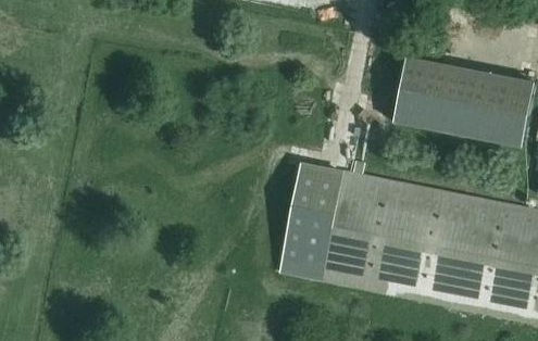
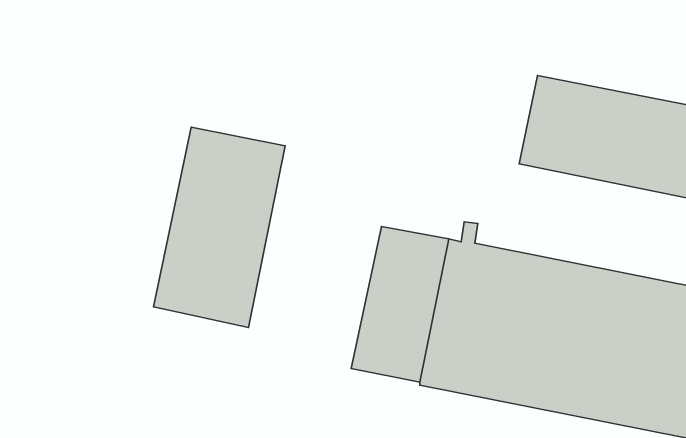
building: none -> [153,127,285,328]

